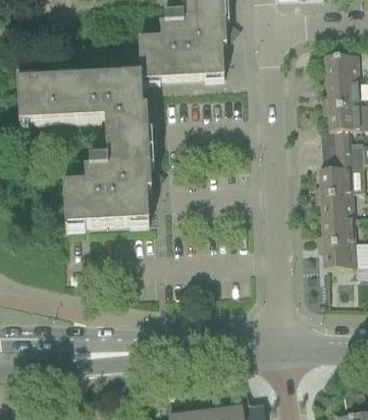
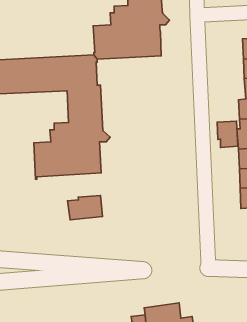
building: none -> [217,121,238,147]
building: none -> [68,195,102,220]

